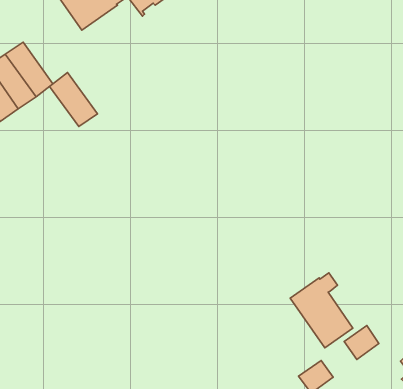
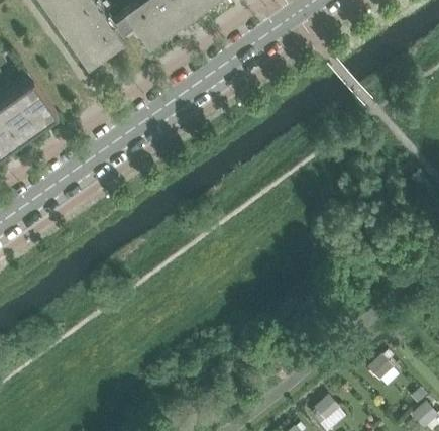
building: [50,73,97,127] -> none
building: [290,273,353,348] -> none

